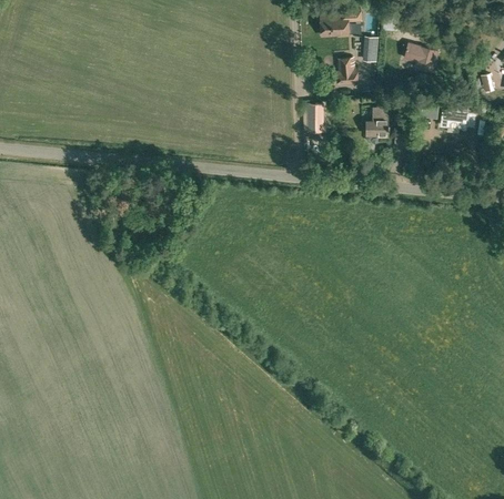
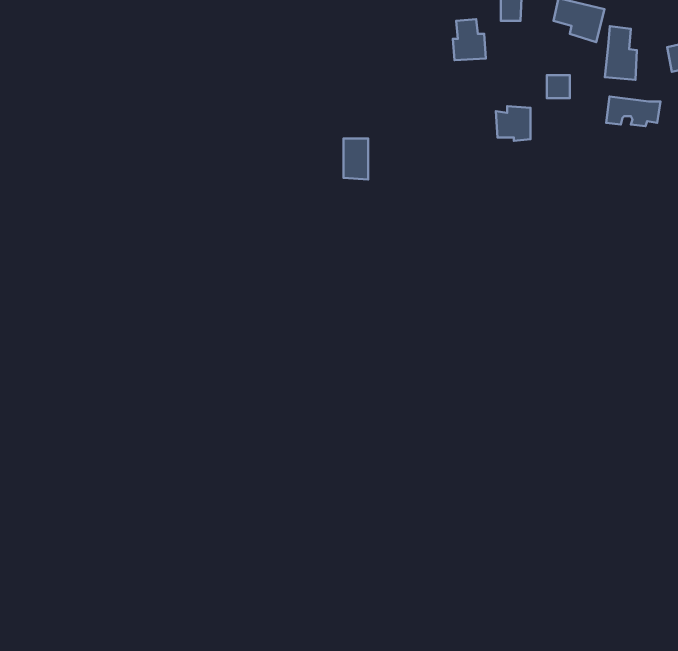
building: none -> [605,26,637,80]
building: [306,102,323,130] -> [343,138,368,180]

